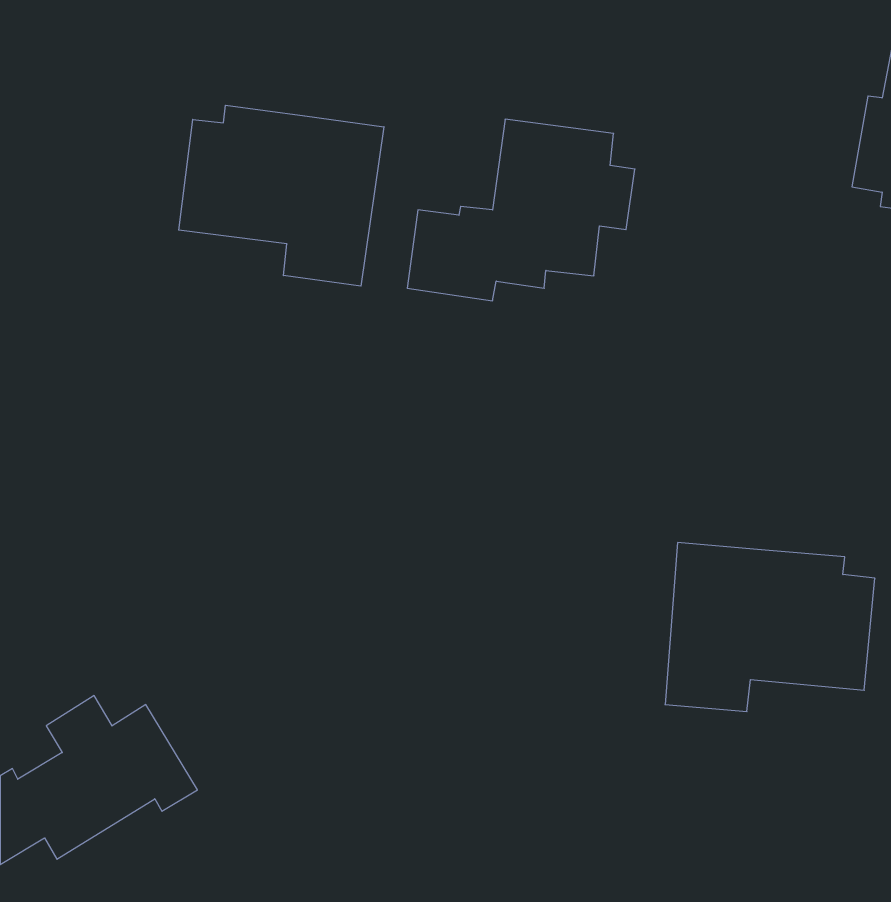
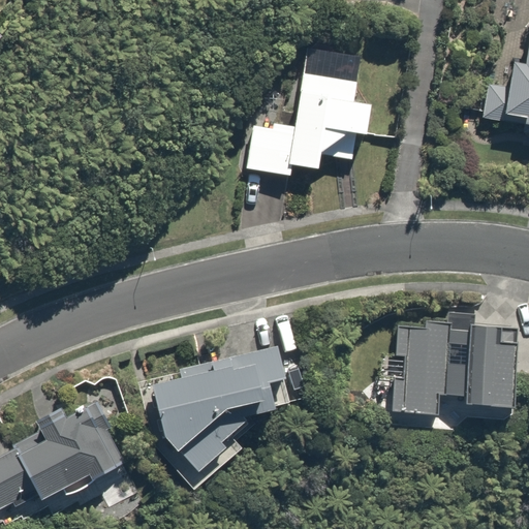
building: [179,105,384,286] -> none
building: none -> [148,345,284,469]

